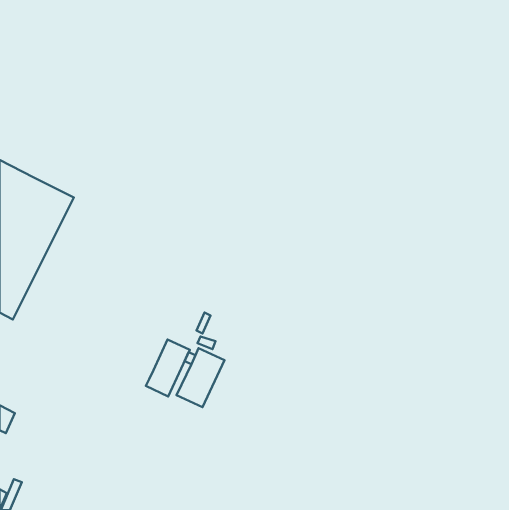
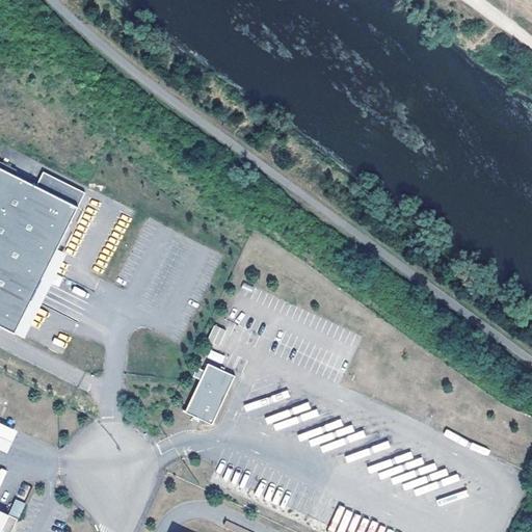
building: none -> [35,171,84,206]
building: [146,339,190,396] -> none

